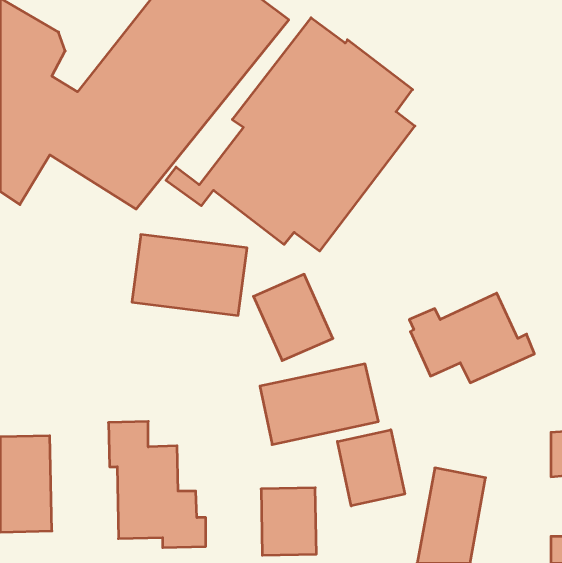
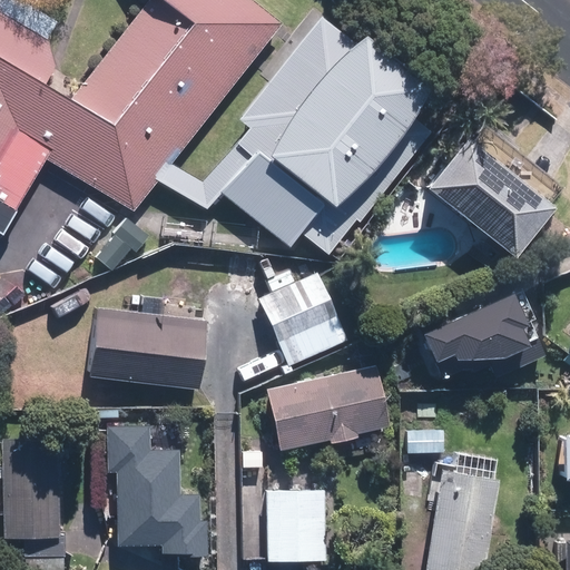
building: none -> [420,140,546,258]
building: [132,235,247,315] -> [87,307,203,389]
building: [337,430,405,506] -> none

